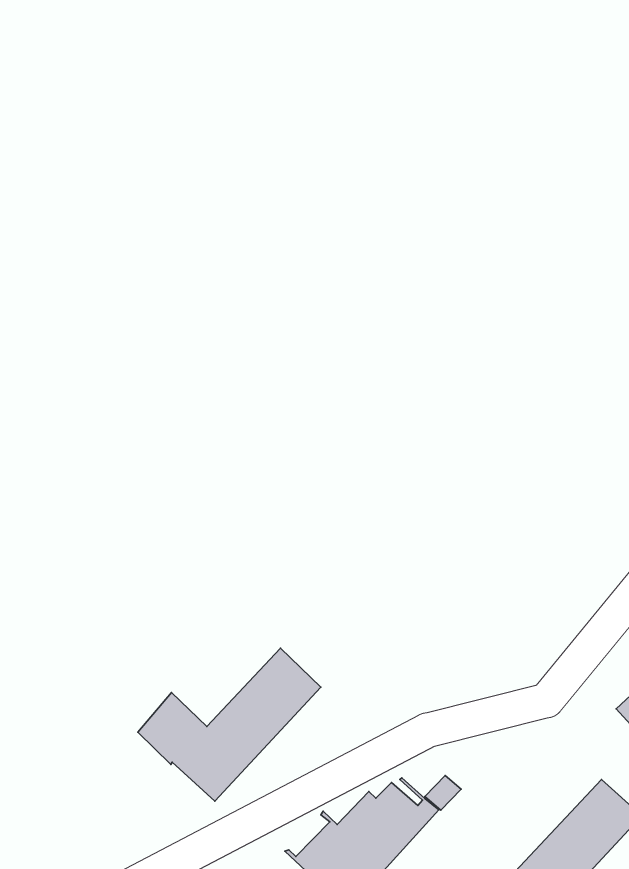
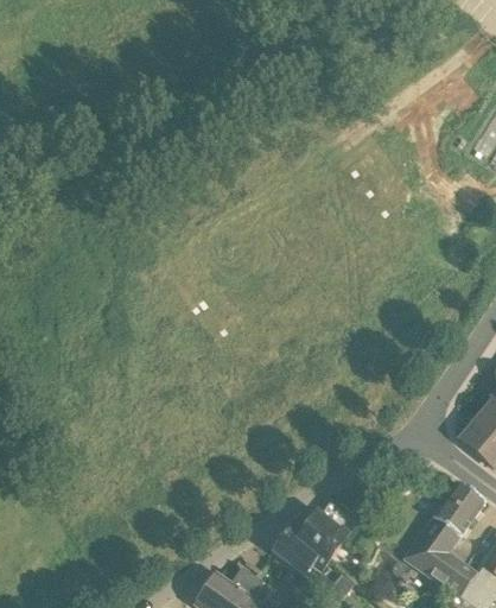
building: [138,648,321,801] -> none

